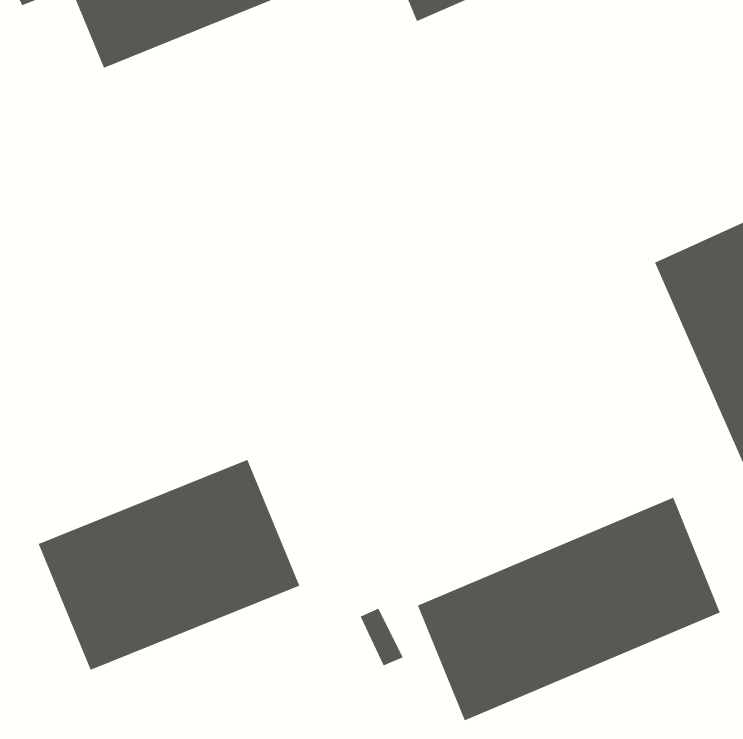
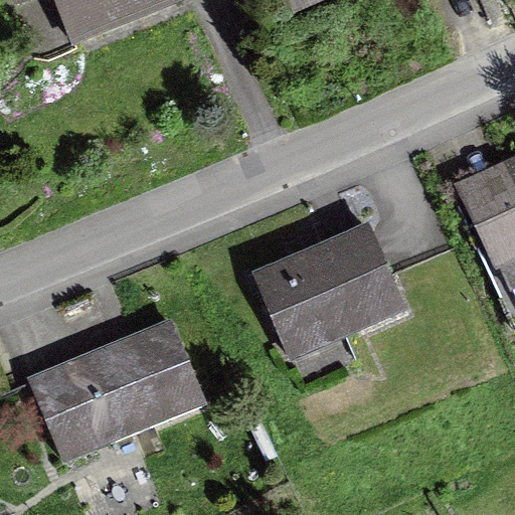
building: none -> [251,221,407,360]
building: [417,497,721,721] -> none

